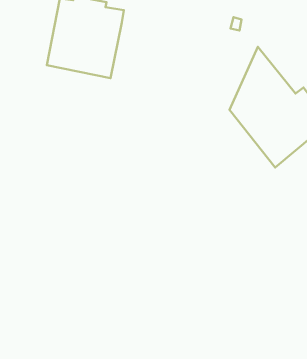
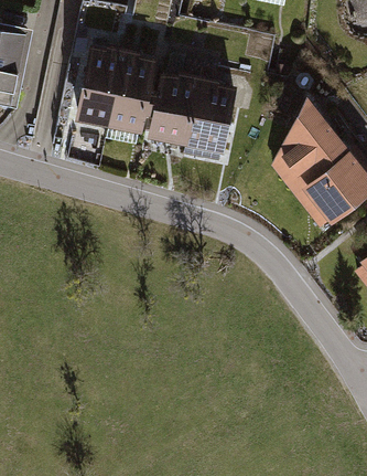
building: none -> [145,71,237,160]

